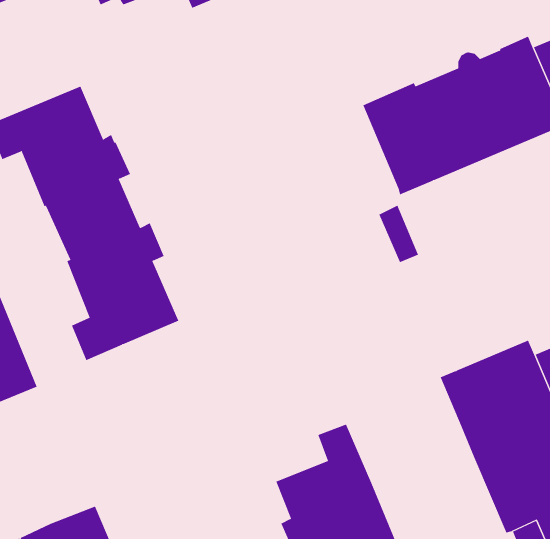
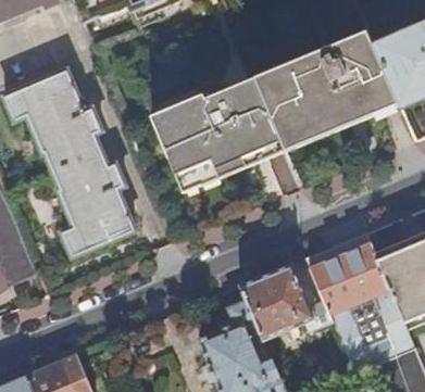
building: none -> [151,77,282,182]
building: none -> [241,263,333,339]

